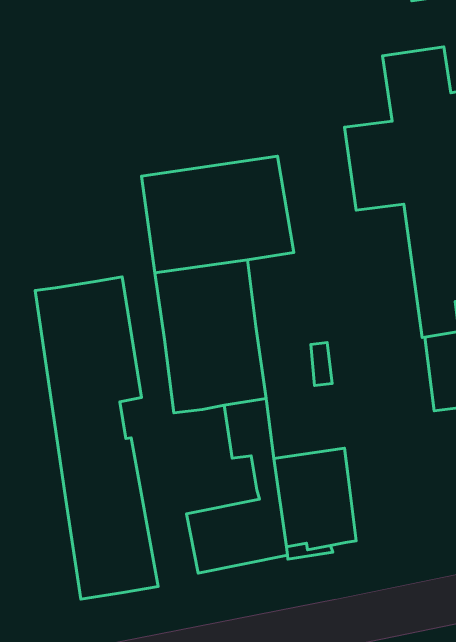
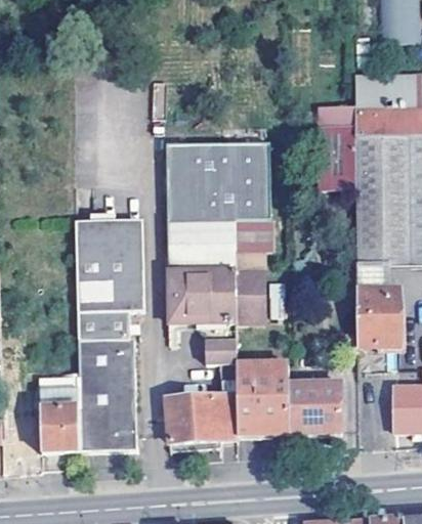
building: none -> [236,214,271,321]
building: none -> [290,383,343,433]
building: none -> [34,376,81,452]

